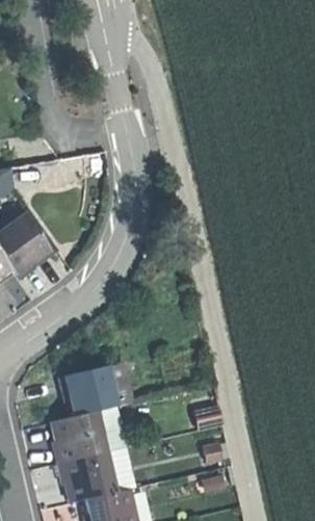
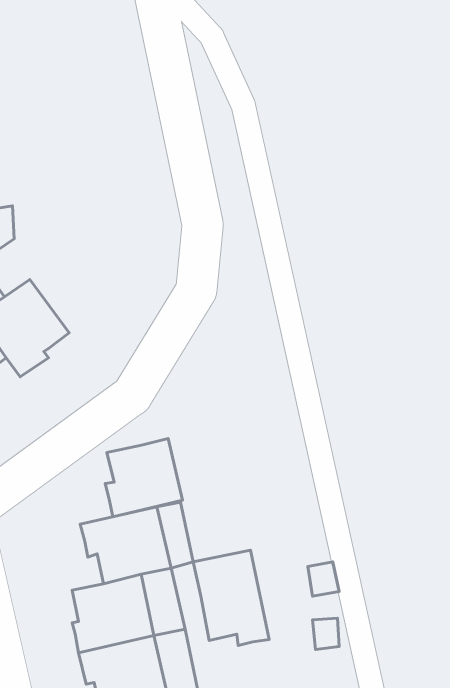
building: none -> [105,438,183,517]
building: none -> [193,550,269,645]

